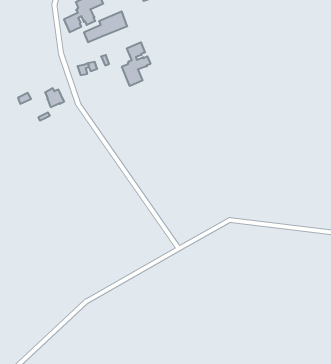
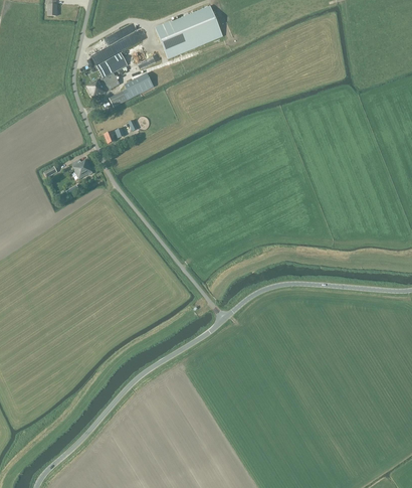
building: [122,42,150,86] -> none

